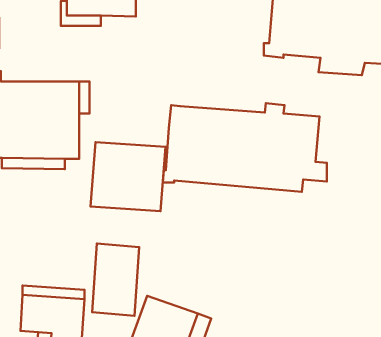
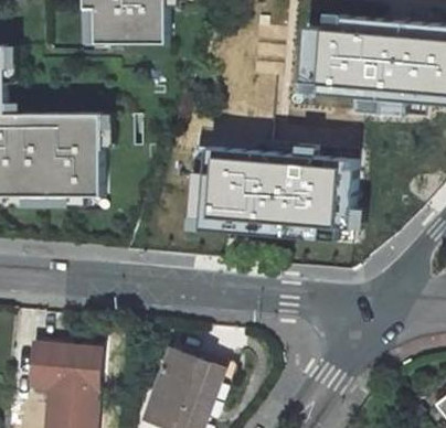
building: [90,142,166,211] -> none
building: [92,243,139,316] -> none

